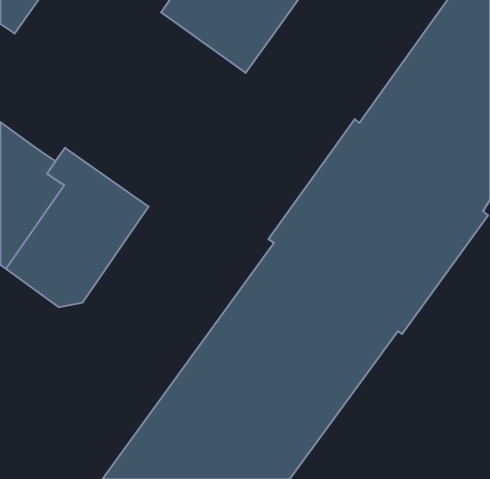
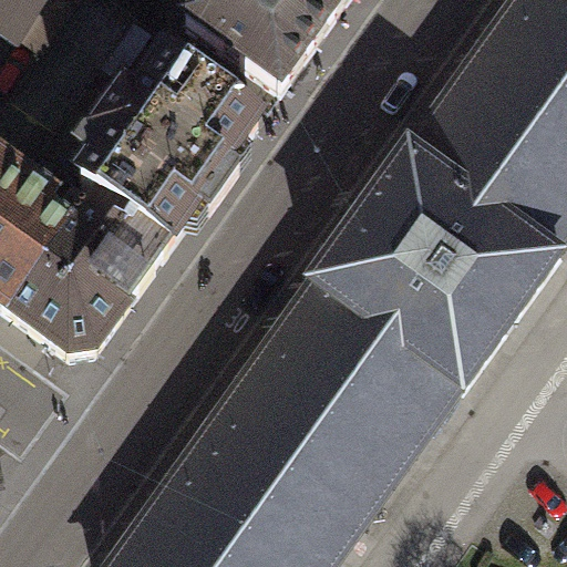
building: none -> [70,38,262,238]

